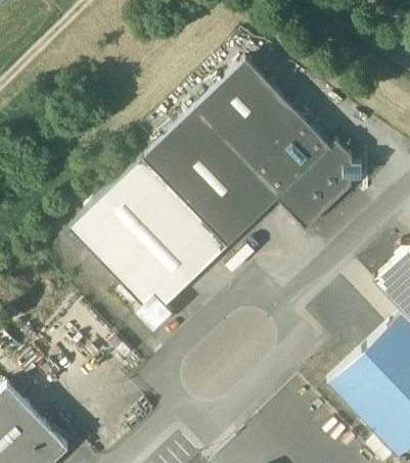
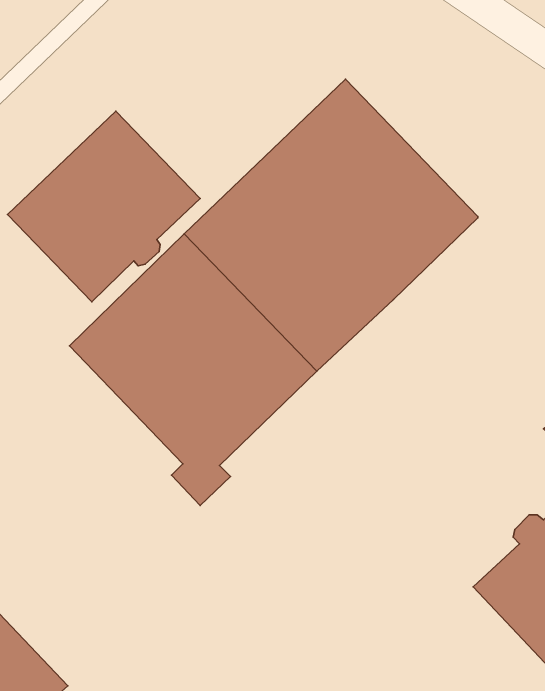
building: none -> [7,111,200,302]
building: [277,140,362,229] -> none

